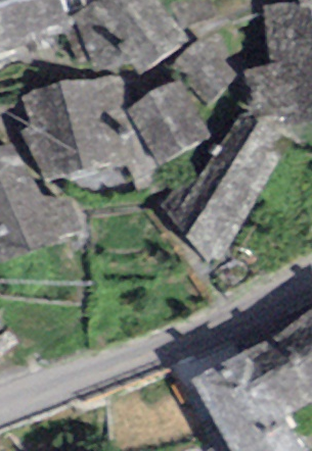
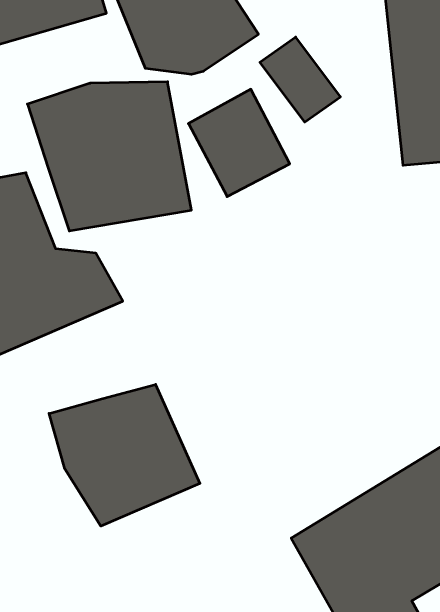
building: [167,127,285,272] -> none
building: none -> [49,384,200,526]

